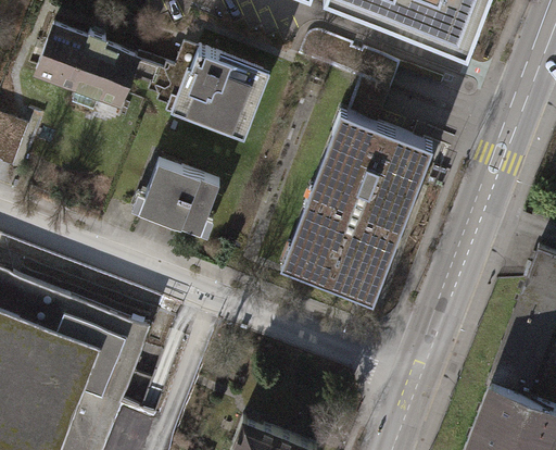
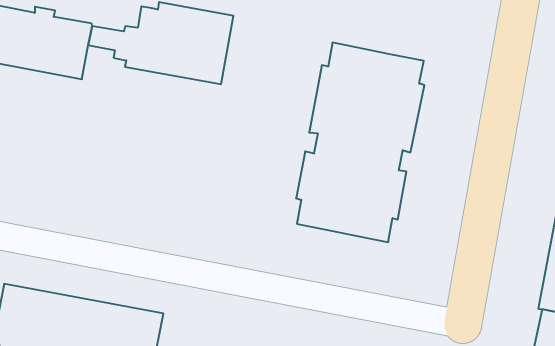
building: [139,162,219,236] -> none

